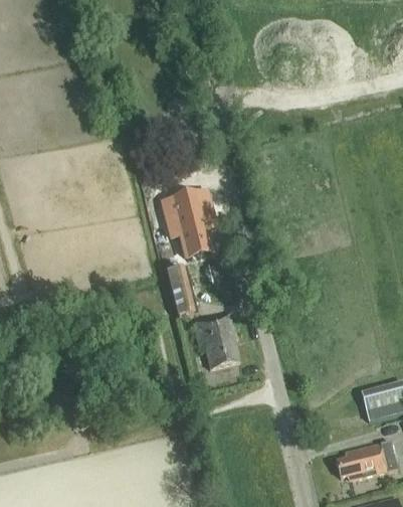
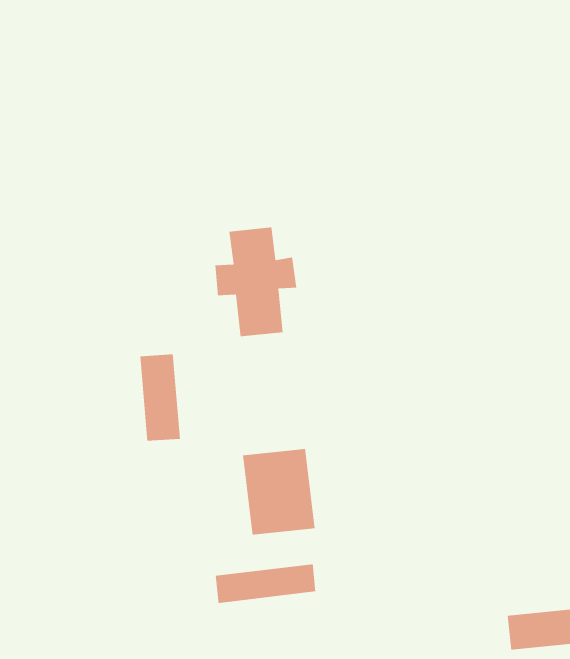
building: [167,267,197,318] -> [139,354,181,441]
building: none -> [215,563,316,604]

